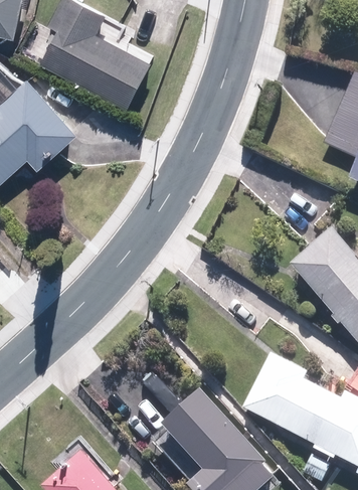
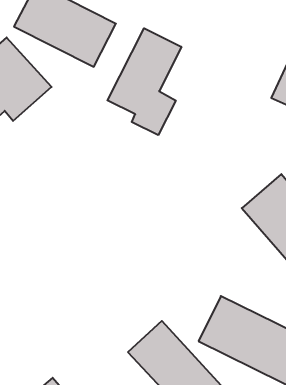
building: none -> [107,28,181,135]

